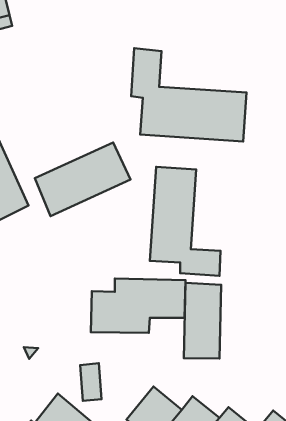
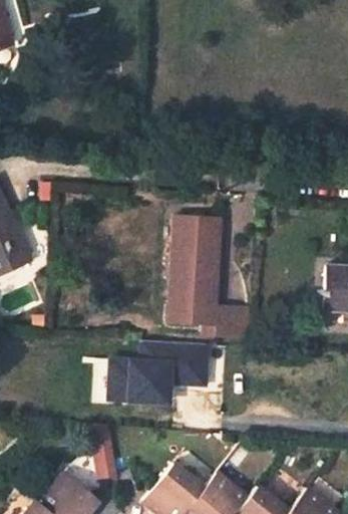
building: [131,48,246,141] -> none
building: [35,142,131,216] -> none
building: [184,283,221,358] -> none

